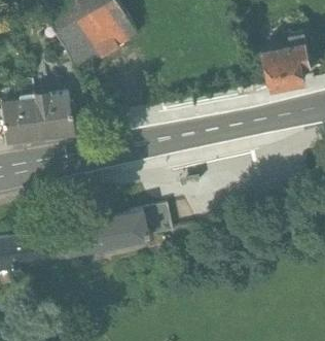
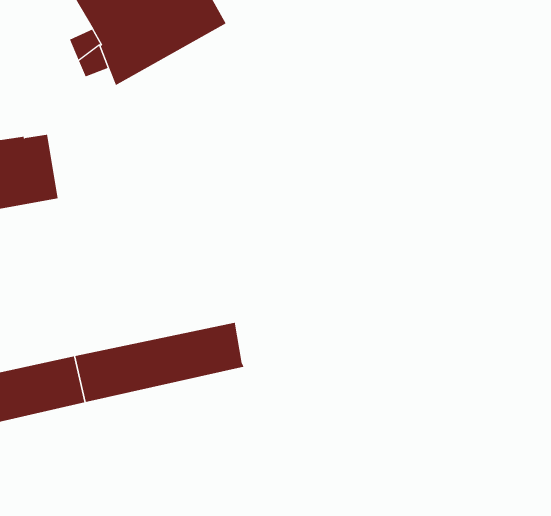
building: [261,33,311,89] -> none
building: [34,90,76,137] -> none
building: [143,203,173,232] -> none

